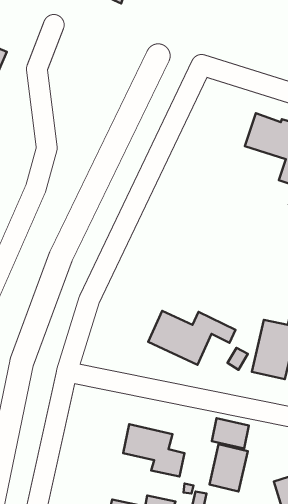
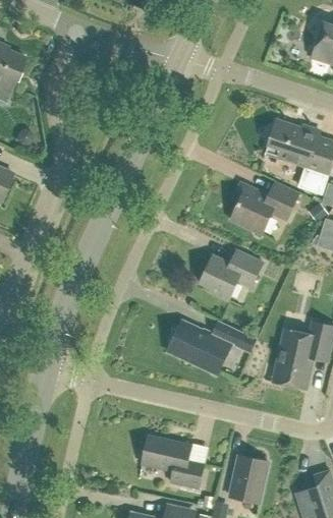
building: none -> [231,182,299,234]
building: none -> [201,249,264,300]
building: [212,418,249,448] -> none

